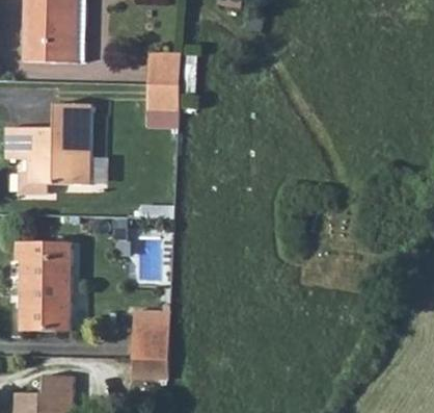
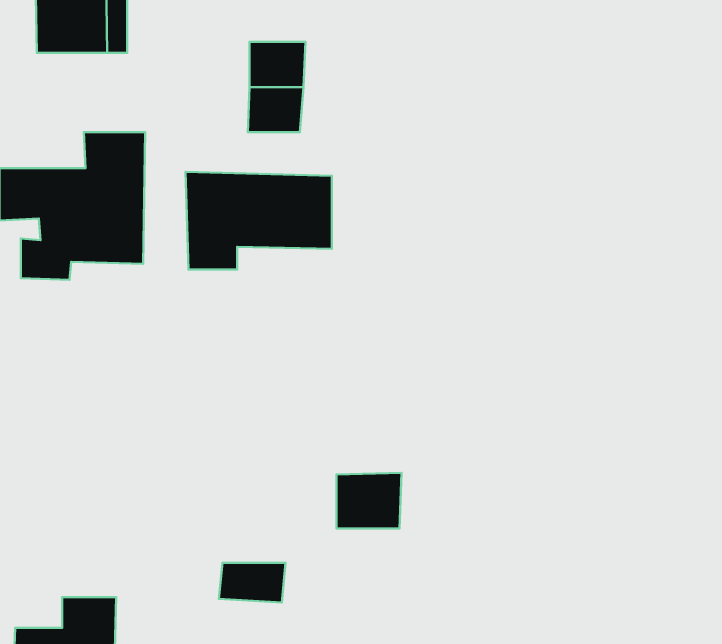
building: none -> [186,172,332,270]
building: [16,240,72,330] -> none
building: [134,325,171,357] -> [337,473,401,529]

